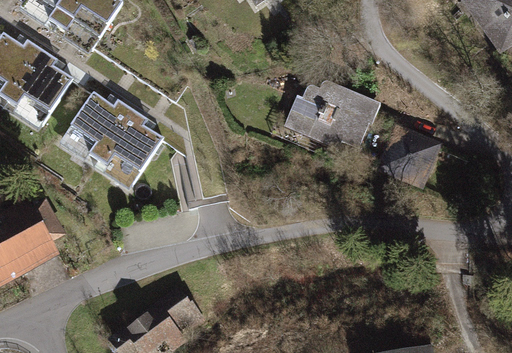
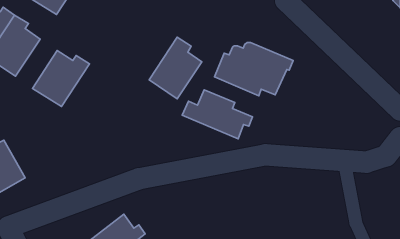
building: [98,109,162,184] -> [149,37,202,99]
building: [385,133,432,180] -> none
building: none -> [182,90,252,139]

